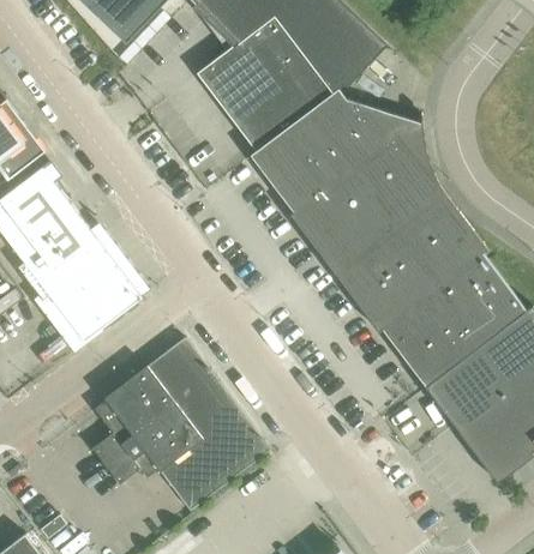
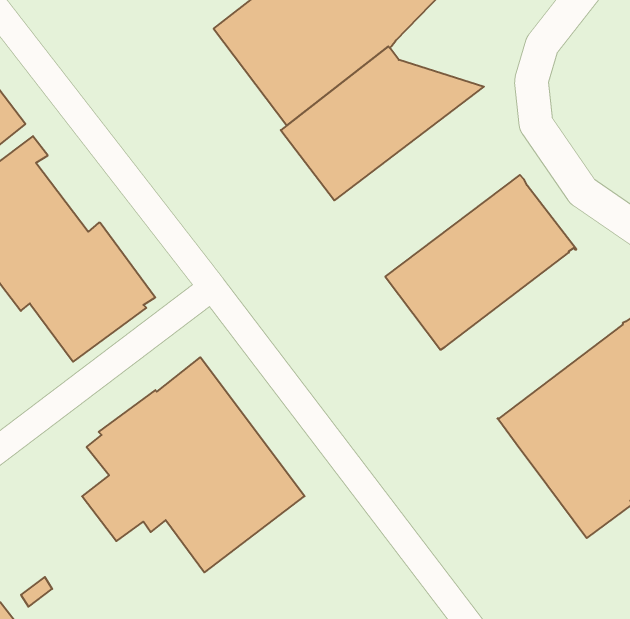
building: [289,114,442,272] -> none
building: [382,253,524,386] -> none

